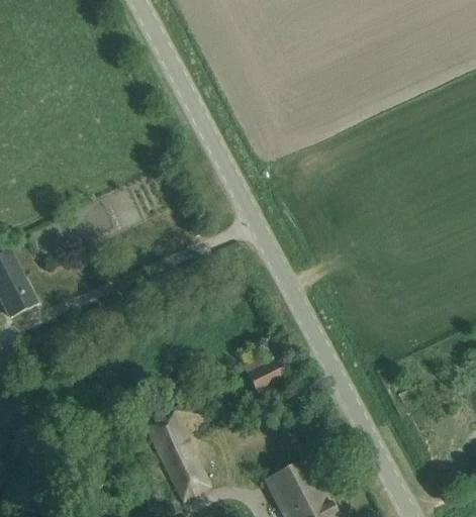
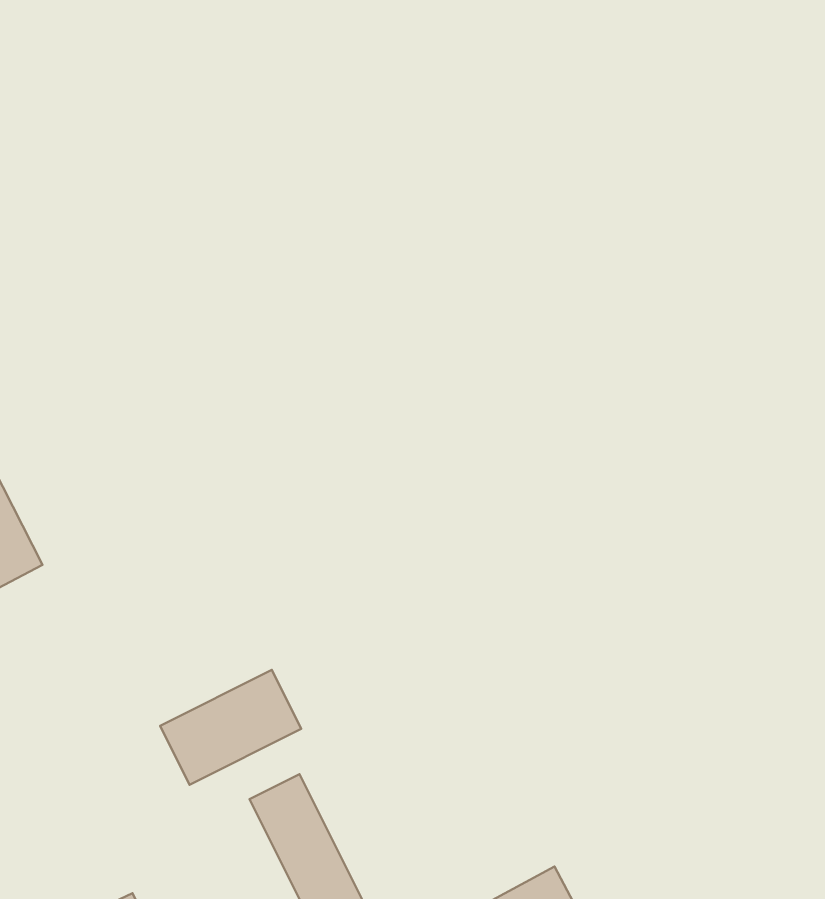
building: none -> [160,670,301,785]
building: [244,360,287,396] -> none

